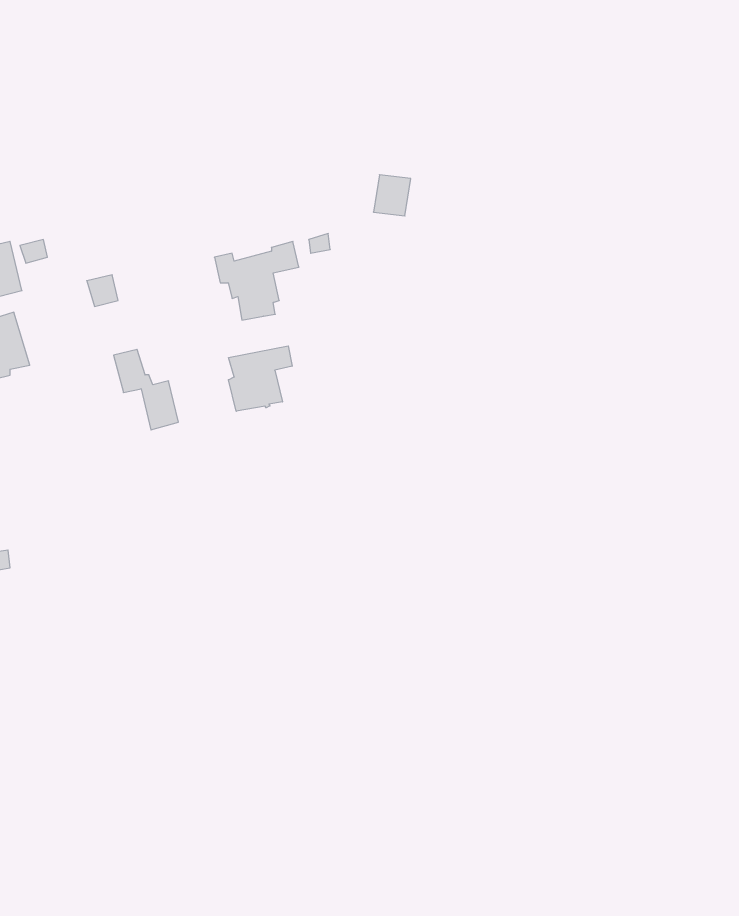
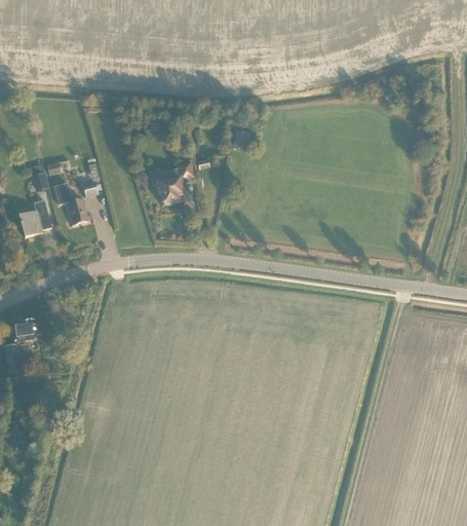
building: [228,346,292,411] -> none
building: [114,349,178,430] -> [53,182,87,224]

